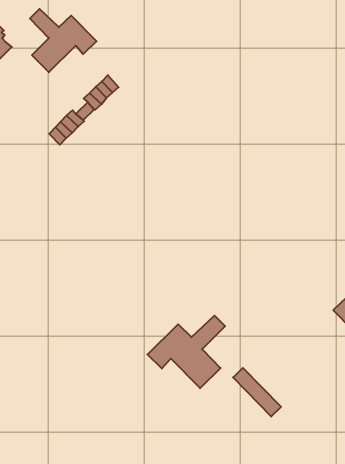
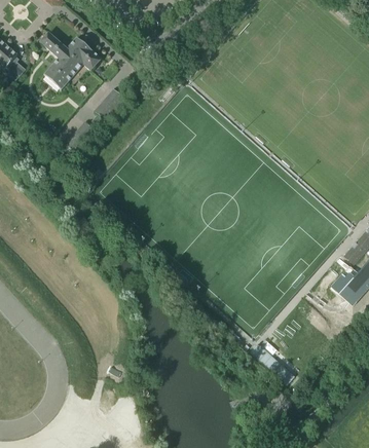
building: [147,316,225,388] -> none

